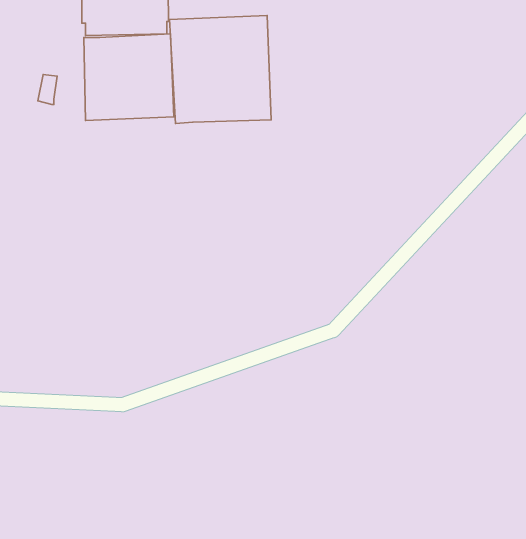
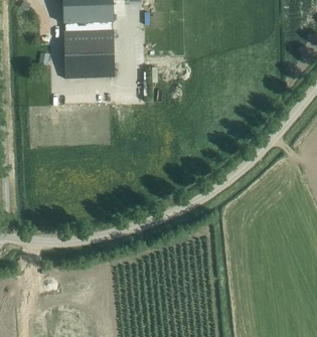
building: [170,16,271,124] -> none

